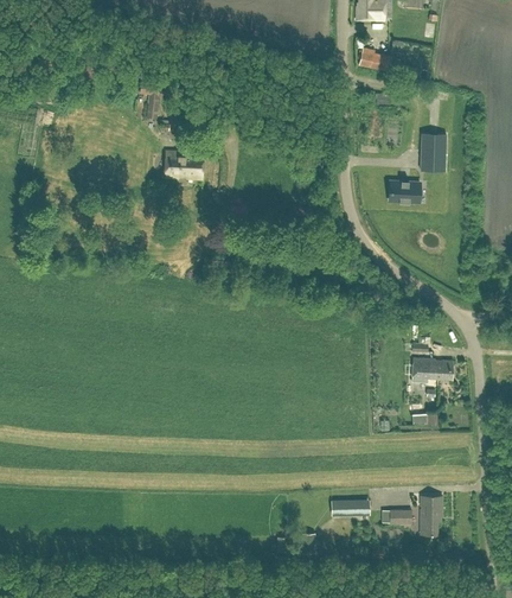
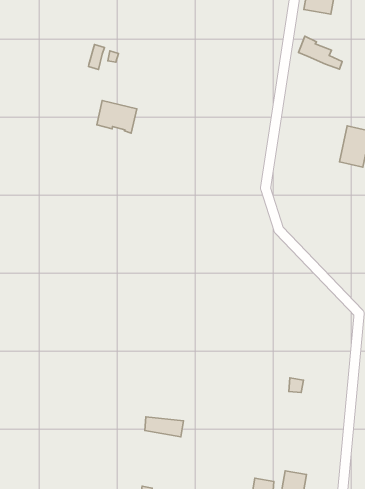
building: [389,182,420,203] -> none
building: [411,358,452,382] -> none
building: [331,498,370,515] -> [145,417,184,437]

